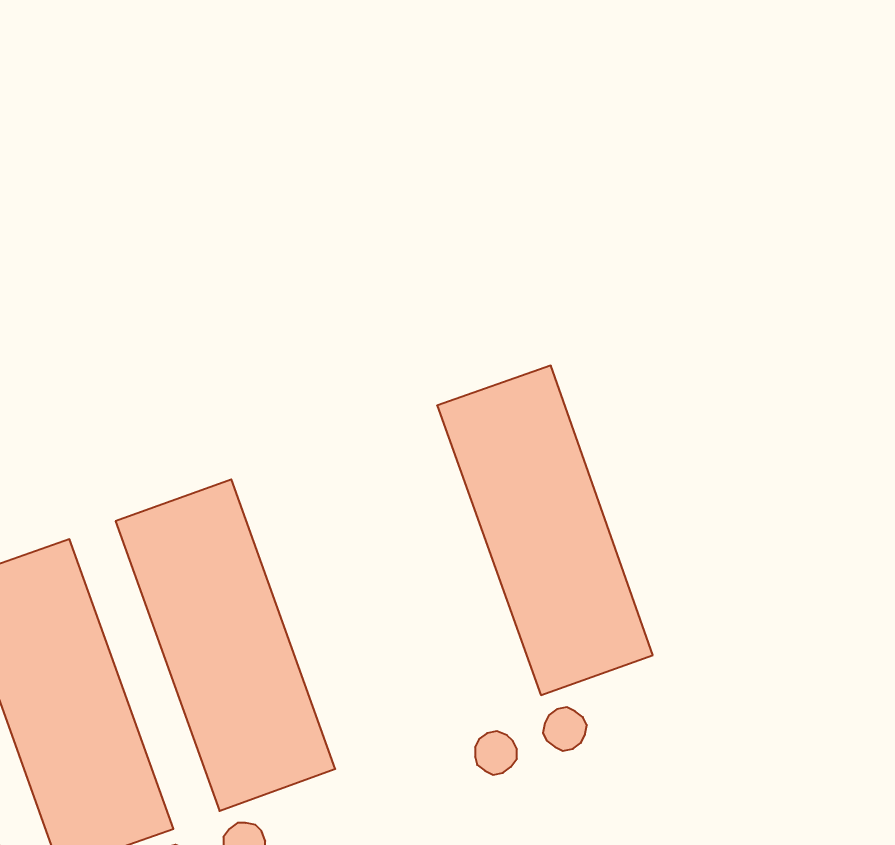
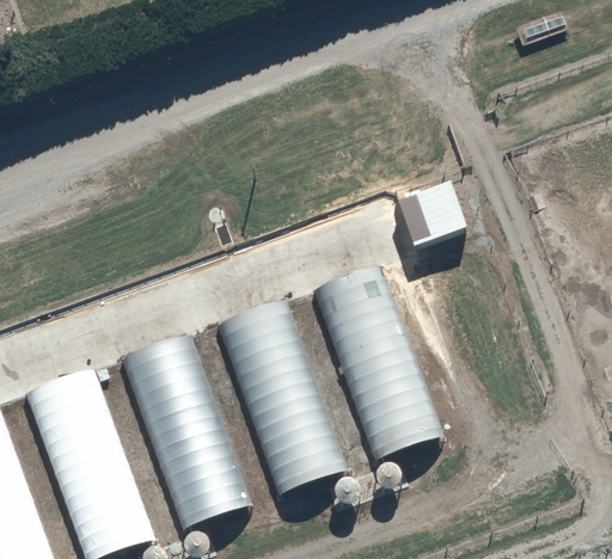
building: none -> [403,179,460,234]
building: none -> [218,296,348,493]

